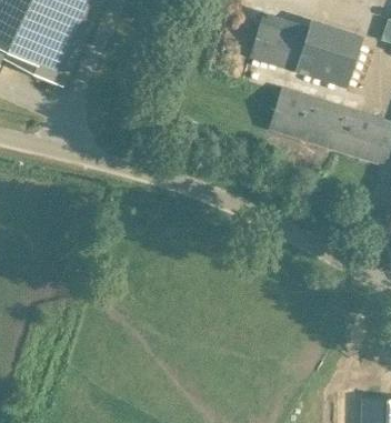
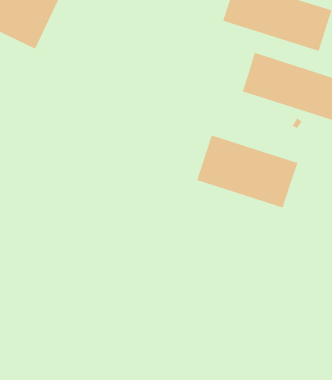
building: none -> [196,135,298,208]

